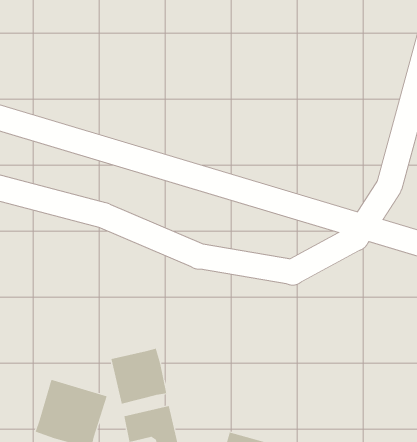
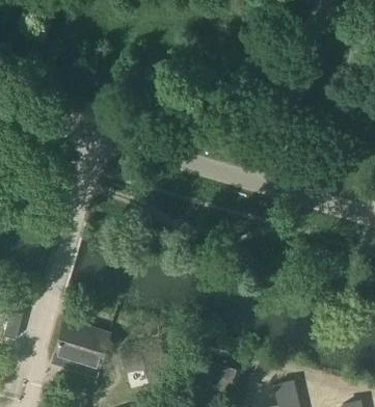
building: [111,348,167,404] -> none

